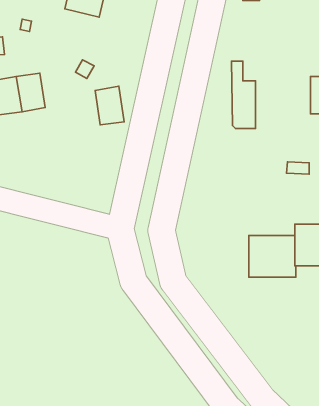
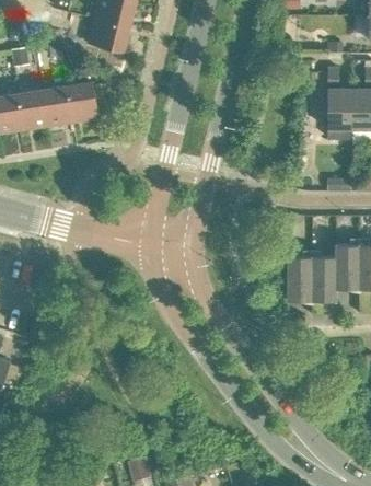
building: none -> [88,19,130,53]
building: [231,61,255,129] -> [327,69,352,140]
building: [95,86,124,125] -> [68,82,98,123]

